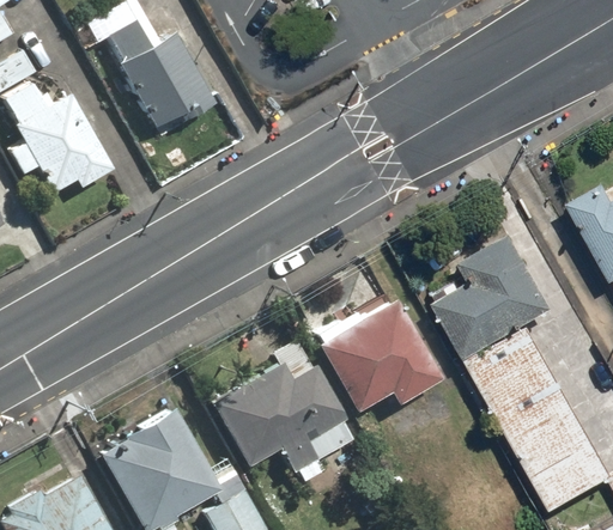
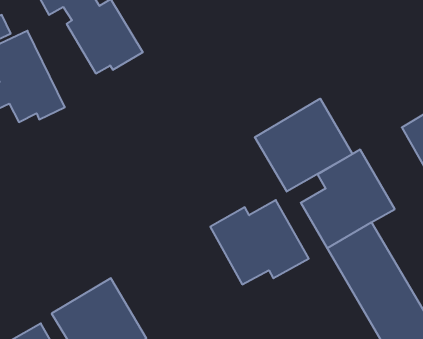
building: none -> [255,99,353,192]
building: [202,339,357,483] -> none

